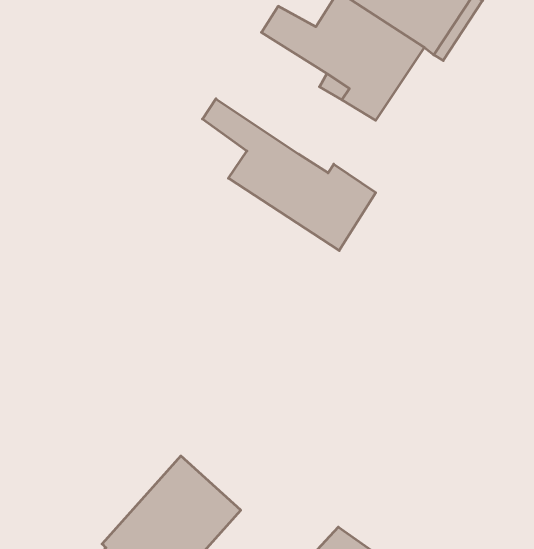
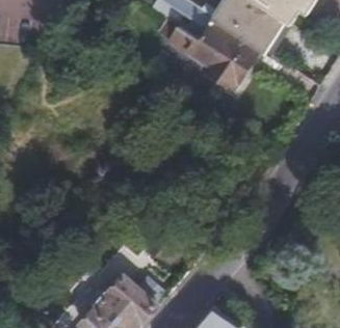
building: [202,99,376,251] -> none

